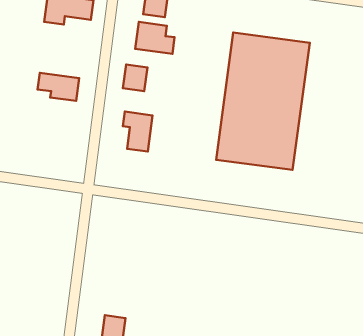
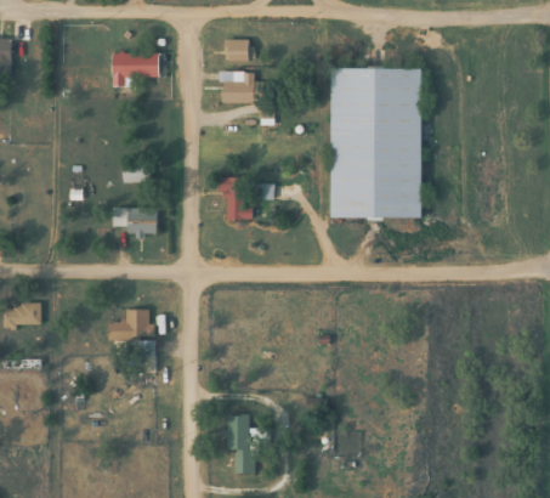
building: [123,65,147,91] -> none
building: [38,73,79,101] -> [110,208,157,234]
building: none -> [107,310,153,340]

